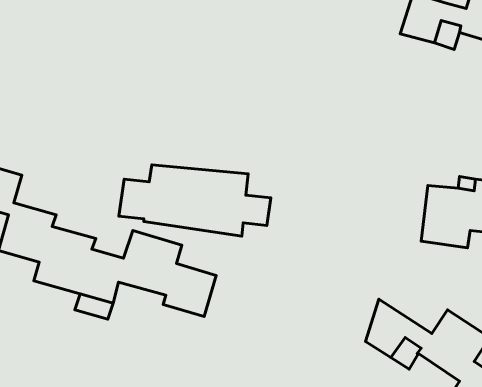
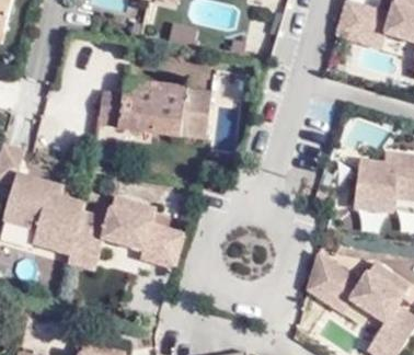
building: [119,165,271,236] -> [95,80,221,139]

